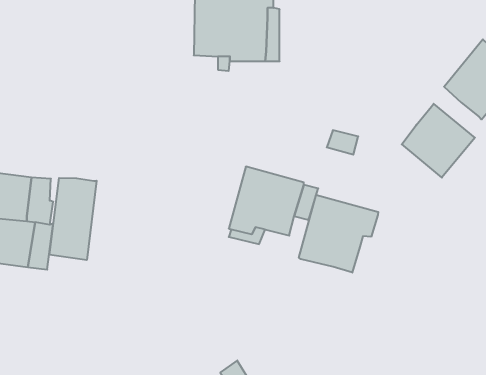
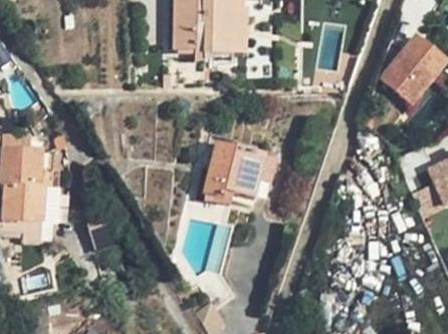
building: [402,104,475,178] -> none
building: [49,178,97,260] -> none
building: [299,195,378,273] -> none

